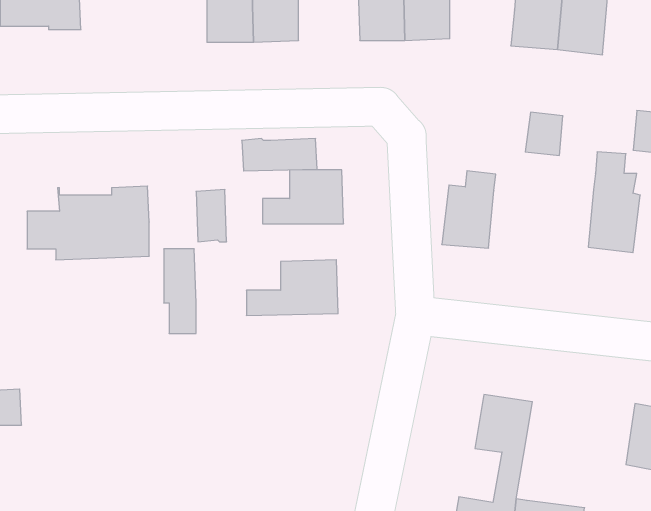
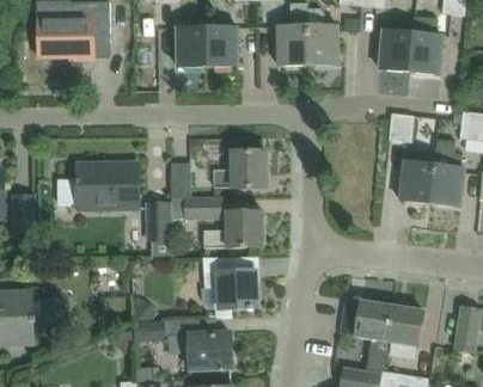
building: [242,139,317,171] -> [170,197,220,219]
building: [442,171,496,248] -> [398,150,434,202]
building: none -> [200,257,257,317]
building: none -> [386,305,423,345]
building: none -> [132,318,231,369]

